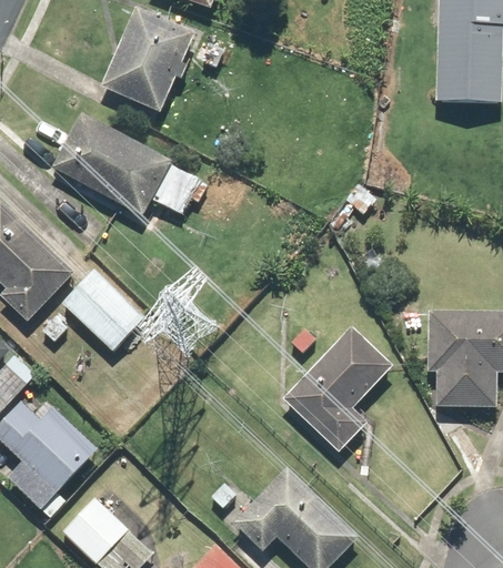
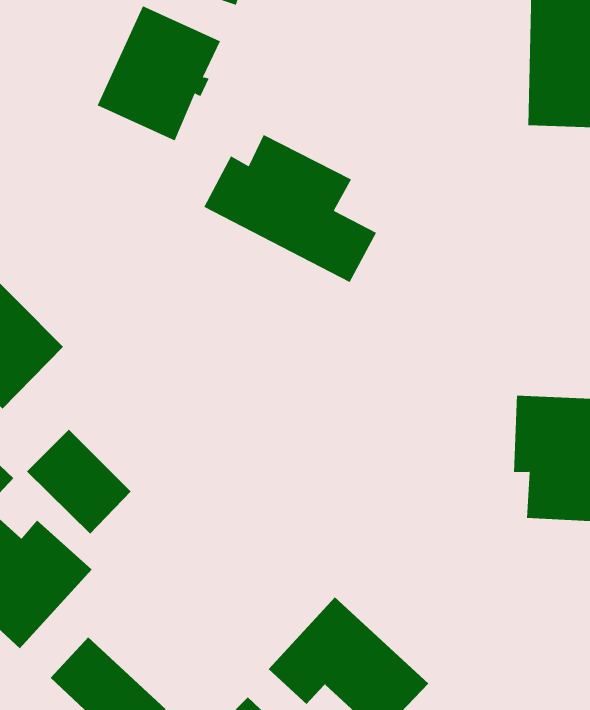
building: none -> [204,134,377,283]
building: [51,113,171,215] -> none
building: [62,268,144,351] -> [26,429,132,534]
building: [282,327,390,453] -> none

